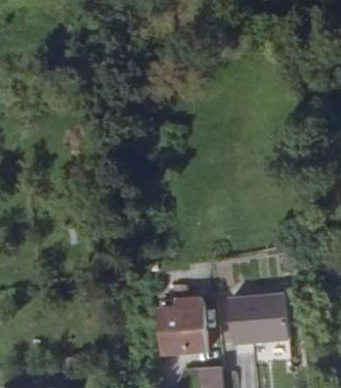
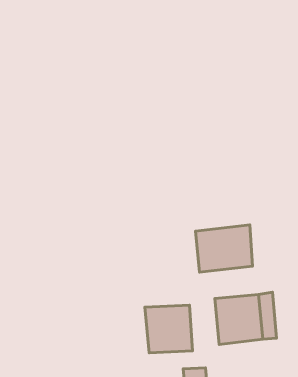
building: none -> [196,225,252,272]

